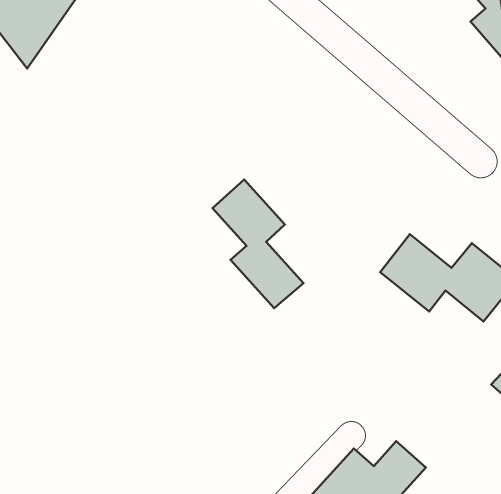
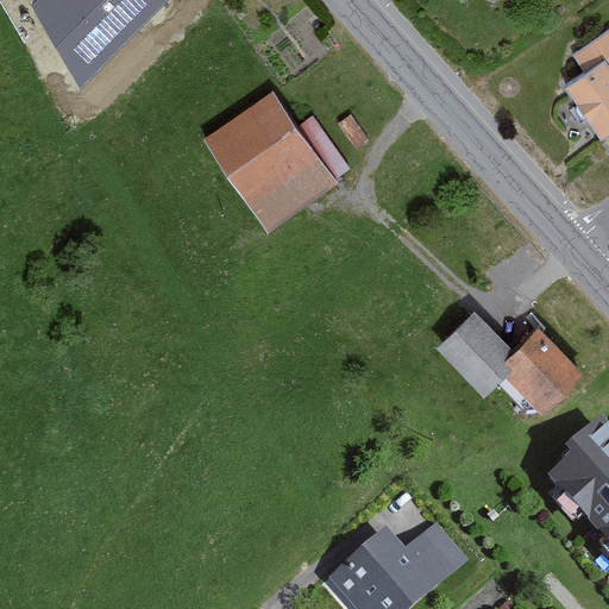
building: none -> [203,90,338,231]
building: [213,180,303,308] -> none

